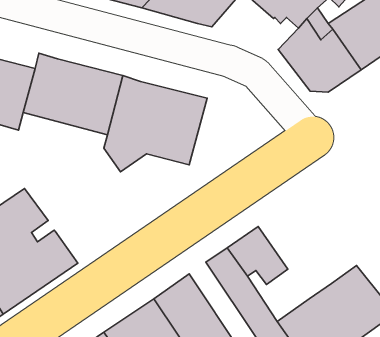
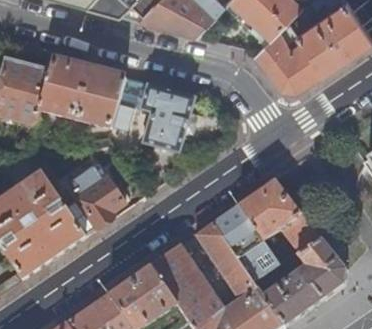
building: none -> [66,168,123,235]
building: none -> [237,179,320,252]
building: none -> [228,241,280,284]

